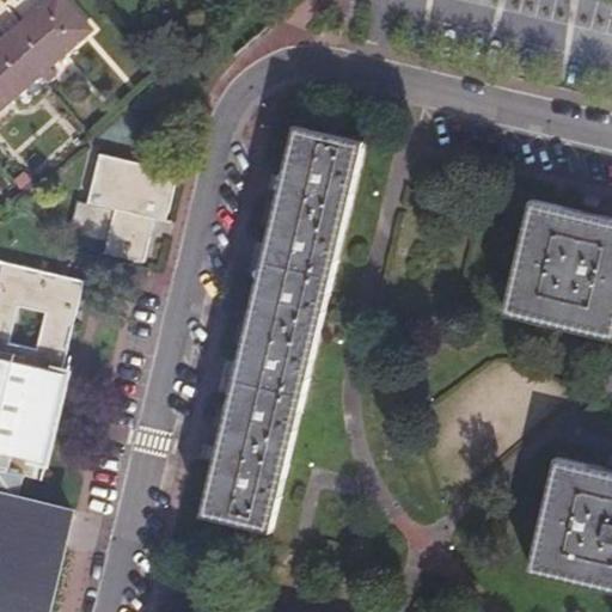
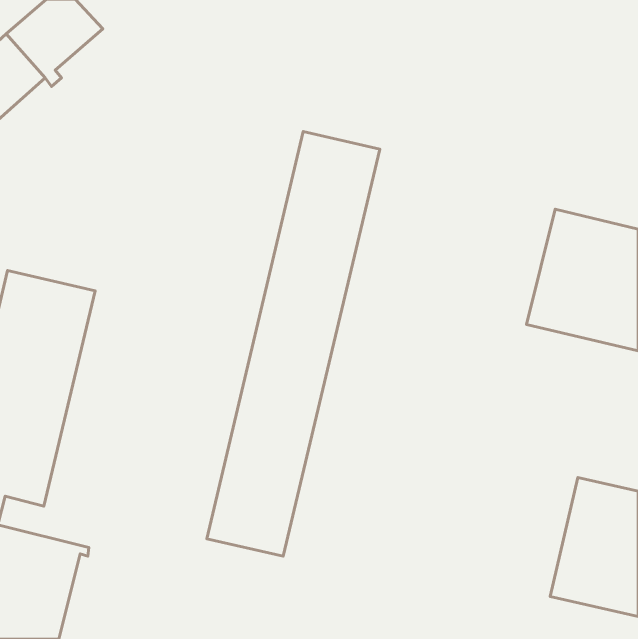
building: [90,158,177,267] -> none

